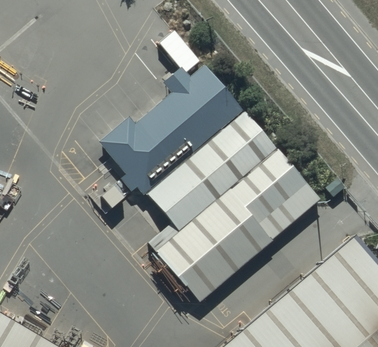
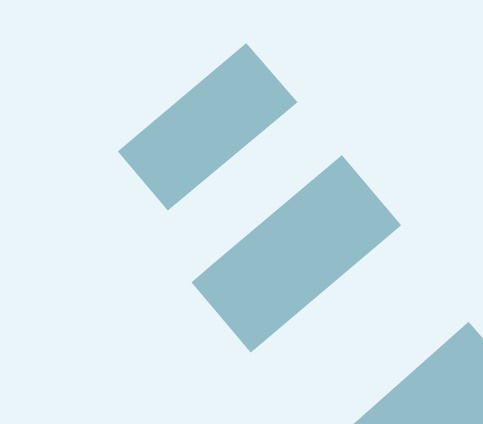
building: [134,95,262,213] -> none

